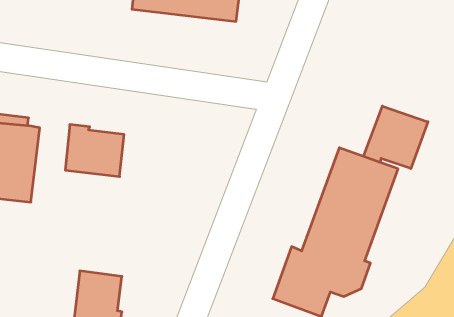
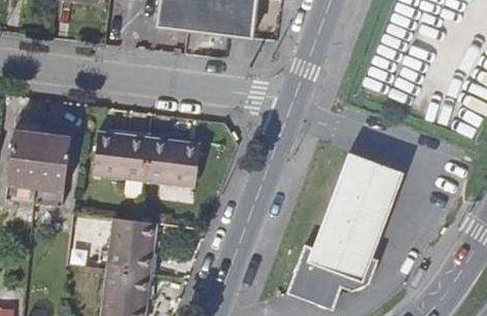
building: [364,106,428,169] -> none
building: none -> [145,142,201,187]
building: none -> [108,216,159,274]

